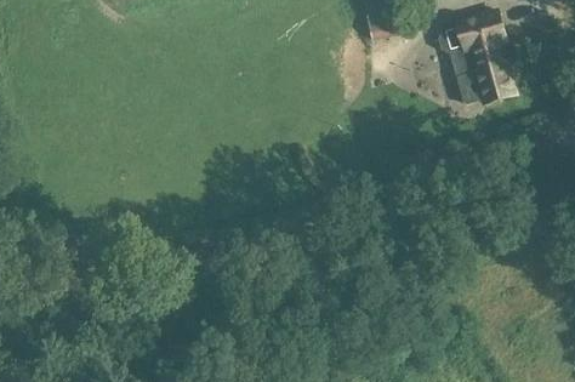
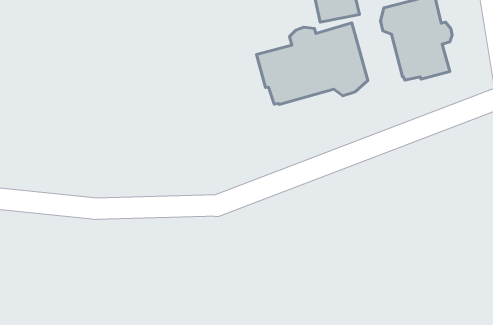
building: none -> [257,23,368,104]

